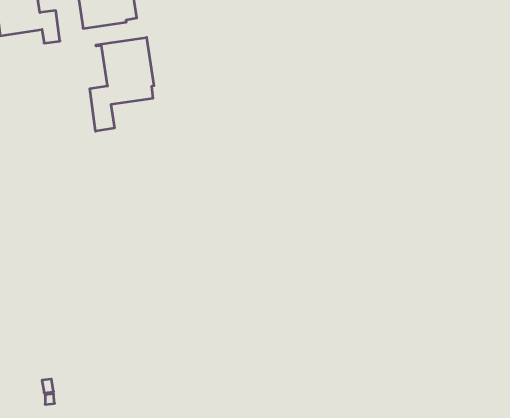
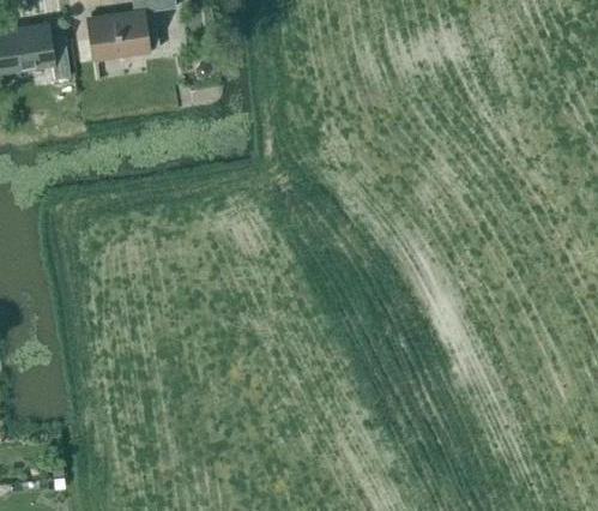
building: [90,37,154,131] -> none

